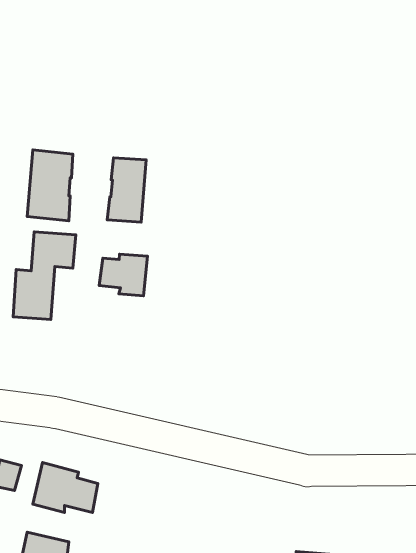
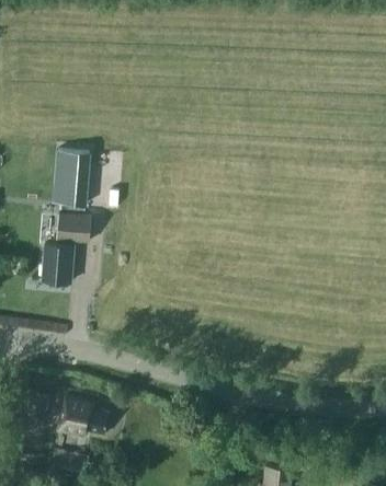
building: [107,158,146,222] -> none
building: [99,254,148,296] -> none

